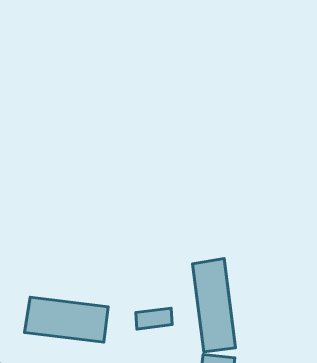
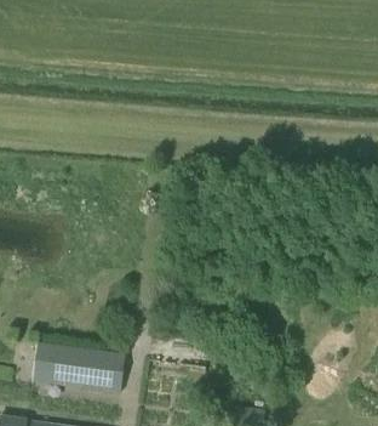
building: [193,259,235,352] -> none

